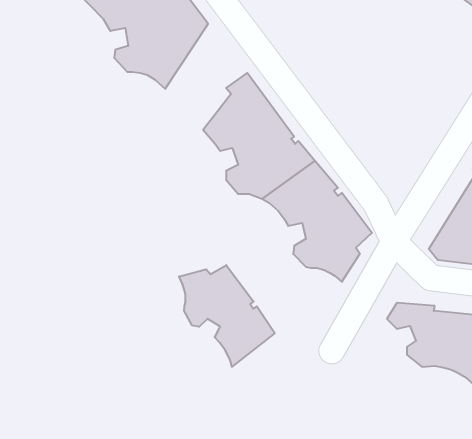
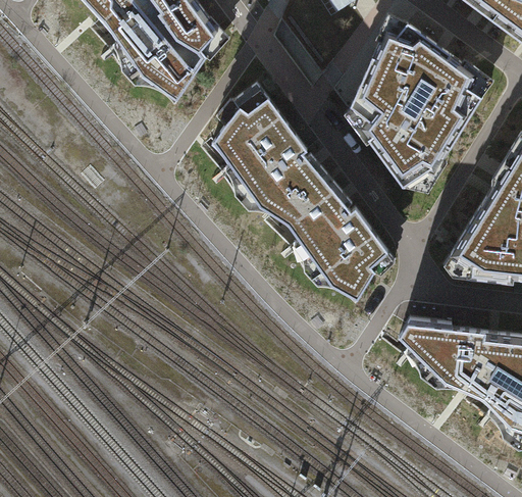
building: none -> [352,17,480,185]
building: [179,265,275,367] -> none

